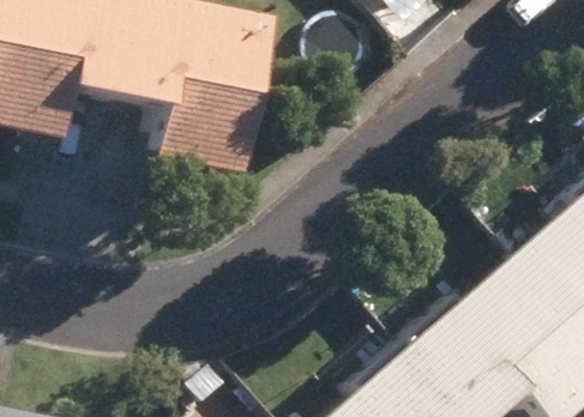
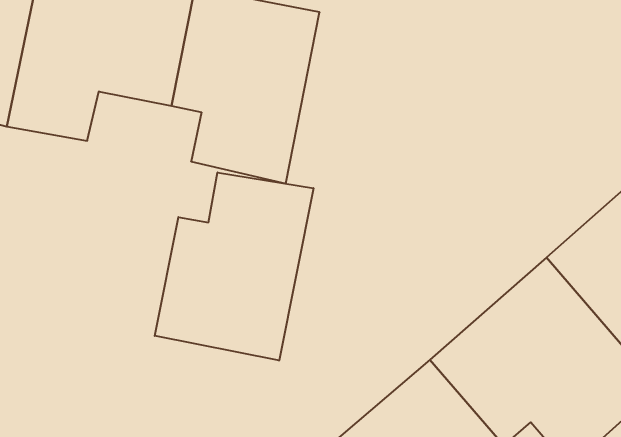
building: none -> [155,172,313,361]

